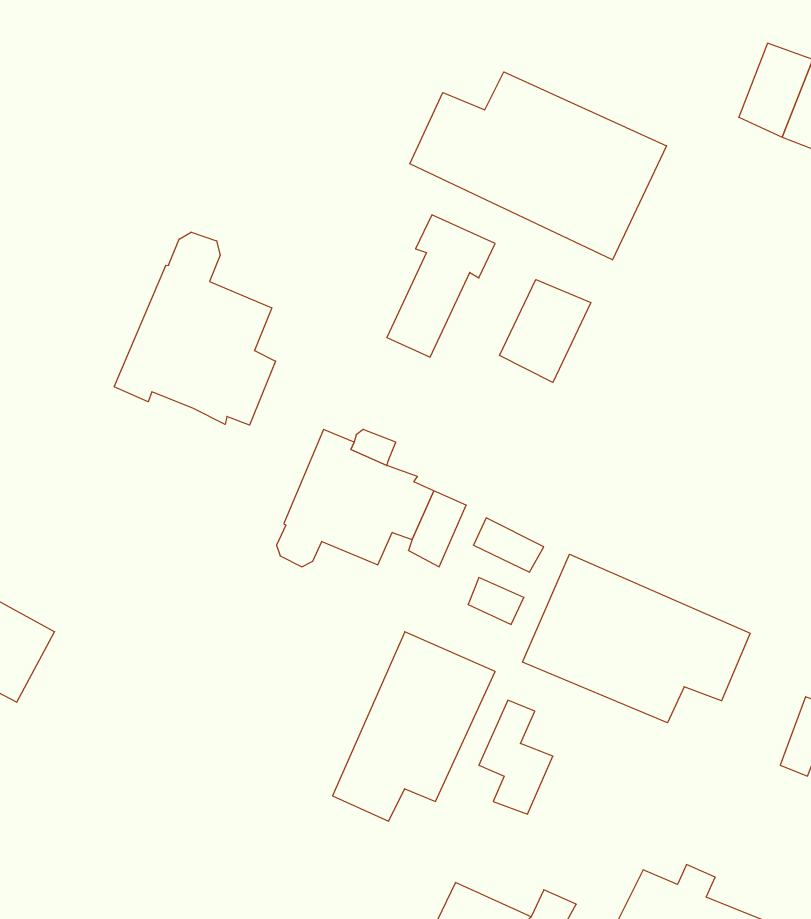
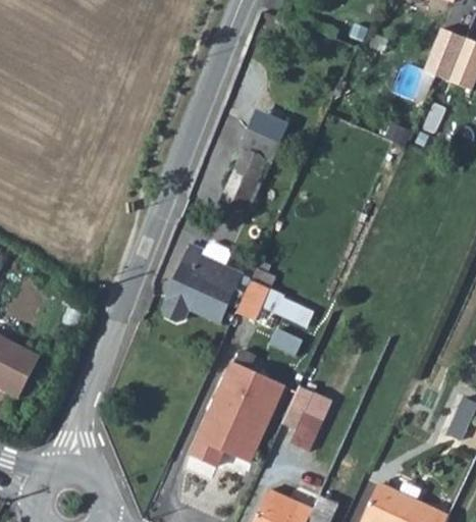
building: [410,72,666,260] -> none
building: [114,232,276,425] -> none
building: [500,280,591,382] -> none
building: [522,554,750,723] -> none

